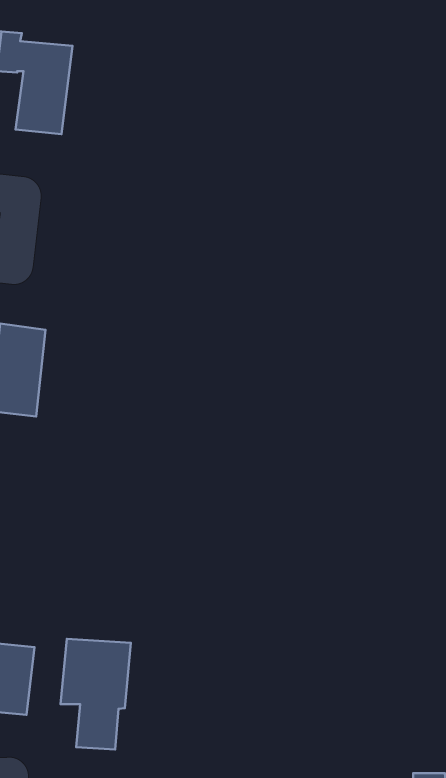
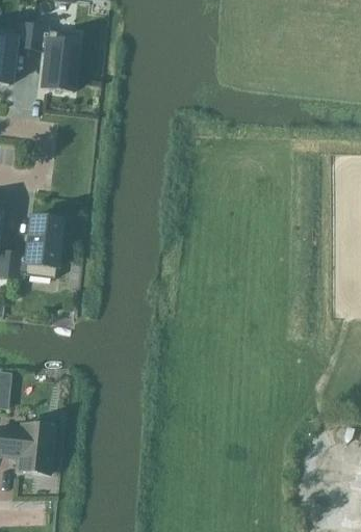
building: [61,639,131,750] -> none

